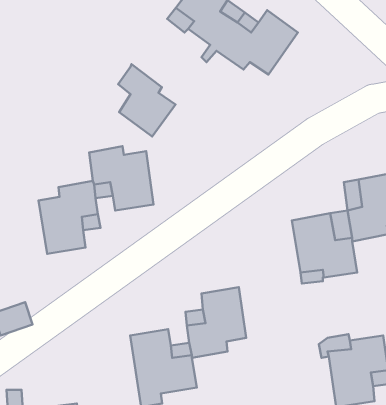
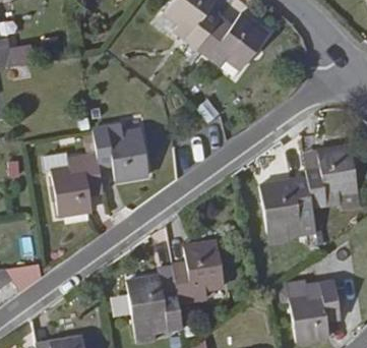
building: [118,64,176,136] -> none

